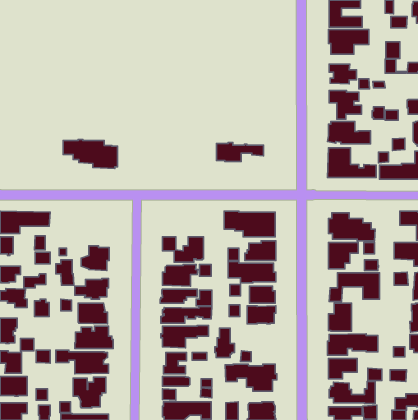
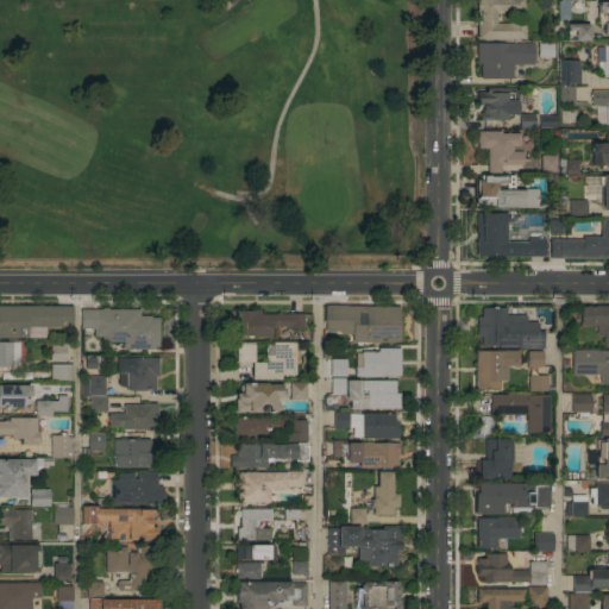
building: [63,140,117,168] -> [82,308,161,350]
building: [217,143,263,161] -> [238,310,306,338]
building: [215,328,234,358] -> [372,472,401,515]

